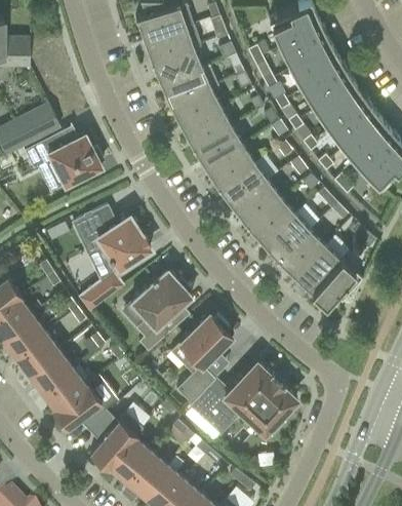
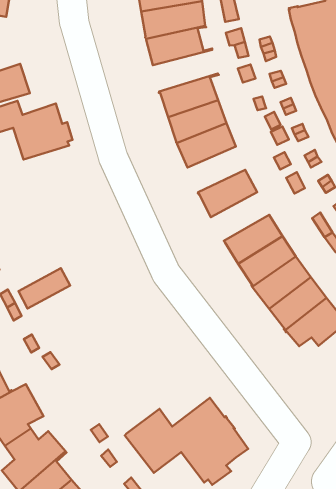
building: [161,66,217,109] -> none
building: [205,145,254,189] -> none
building: [232,181,281,227] -> none
building: [74,207,151,270] -> none
building: [130,269,192,352] -> none
building: [176,314,232,404] -> none

